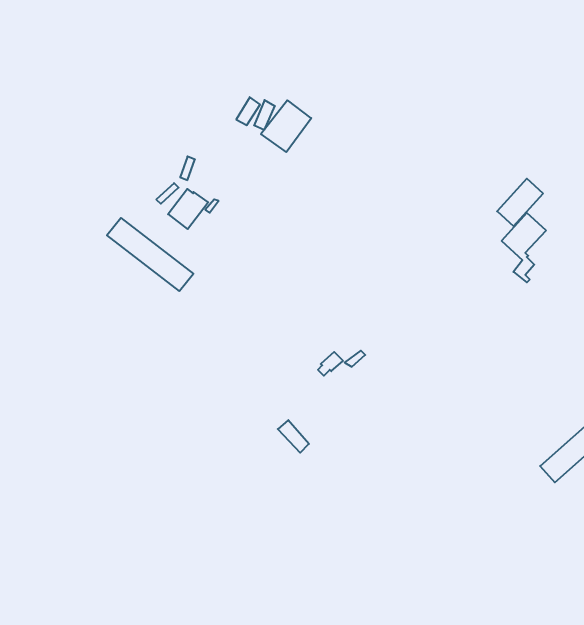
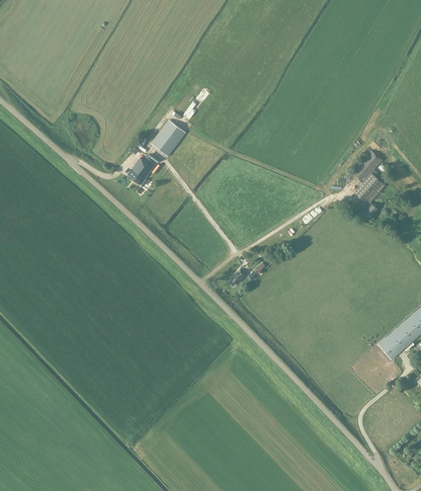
building: [261,100,311,152] -> [152,119,186,155]
building: [107,218,193,291] -> none

